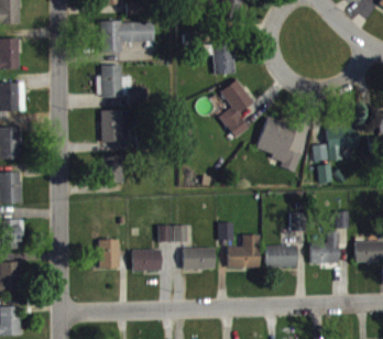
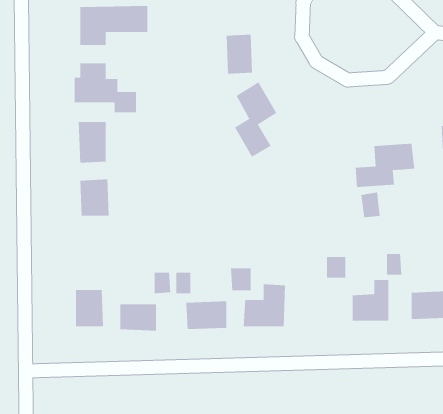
building: [256,117,302,172] -> none
building: [266,245,297,266] -> none

